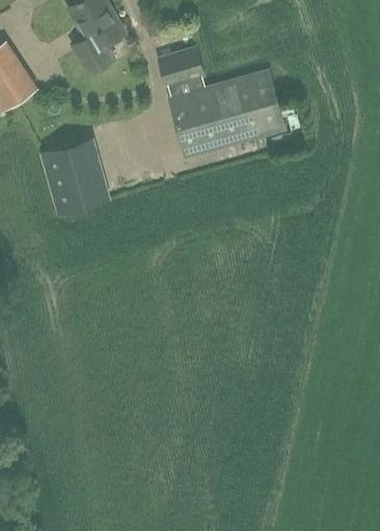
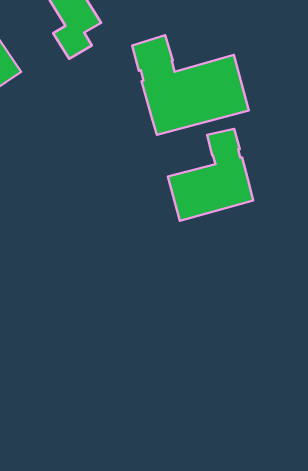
building: [43,140,104,214] -> none
building: none -> [168,129,253,221]

